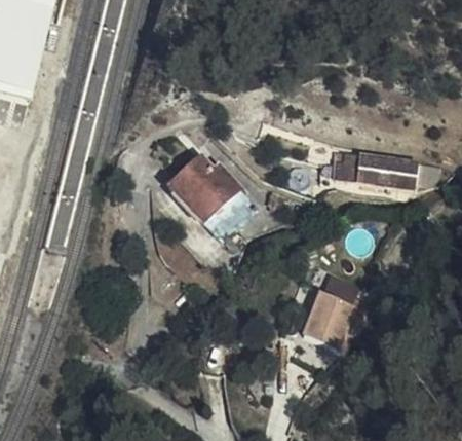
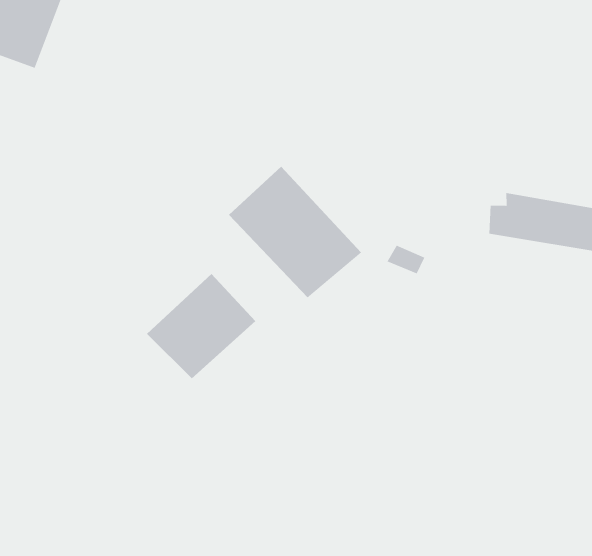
building: none -> [146,273,256,379]
building: [303,289,359,347] -> none

